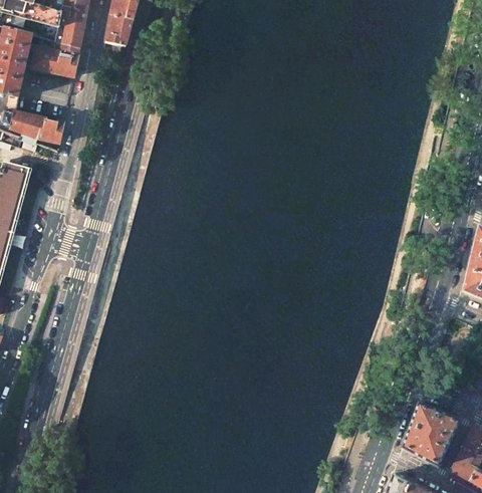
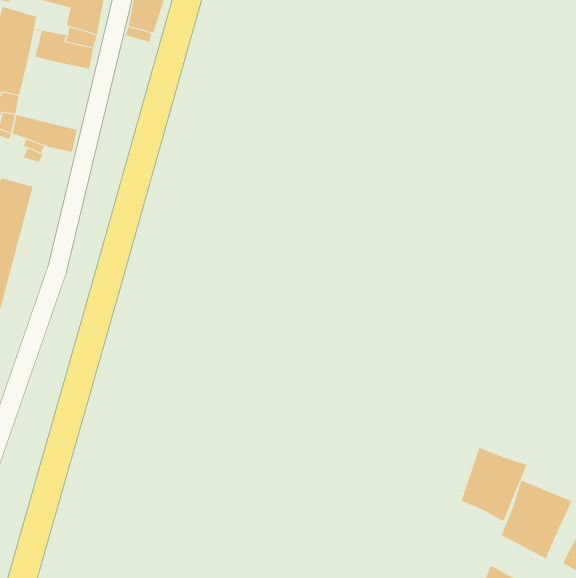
building: none -> [461,447,527,522]

